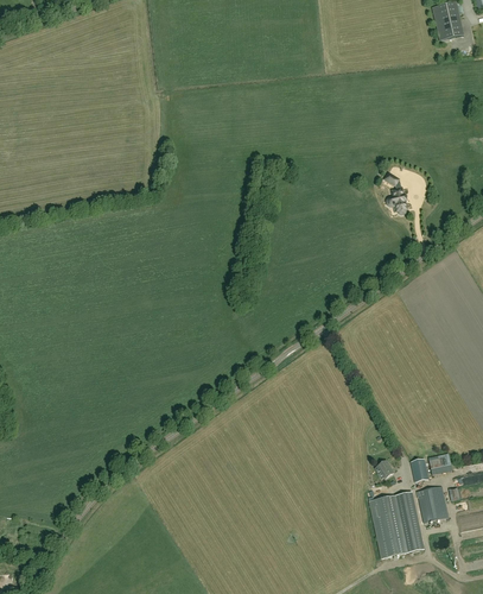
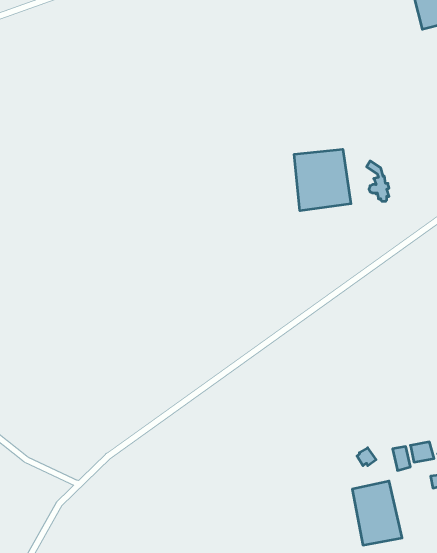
building: none -> [294,149,351,211]
building: [418,486,449,523] -> none

